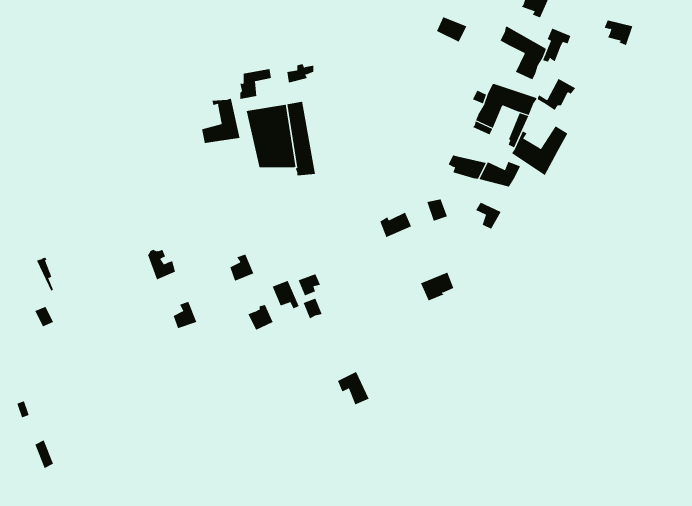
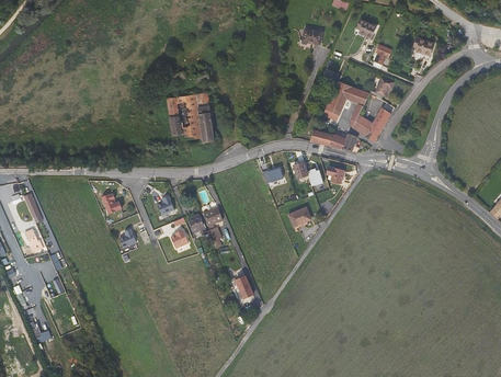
building: [500,26,546,80] -> none
building: [201,98,240,144] -> none

